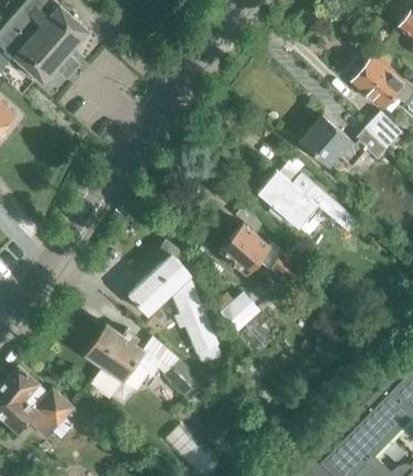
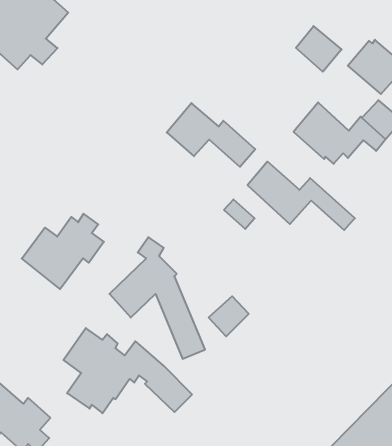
building: none -> [296,26,342,72]
building: none -> [22,214,104,289]
building: [220,225,302,284] -> [167,103,255,167]

